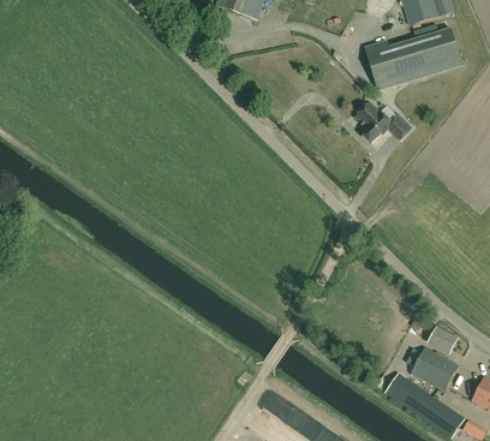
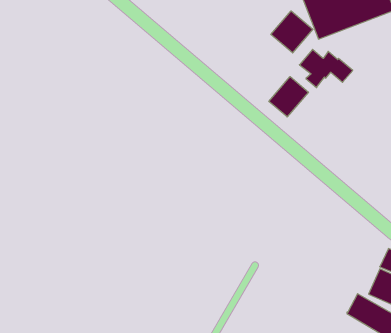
building: none -> [271,11,313,53]
building: none -> [269,77,308,117]

